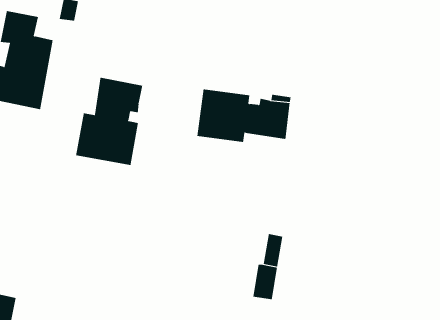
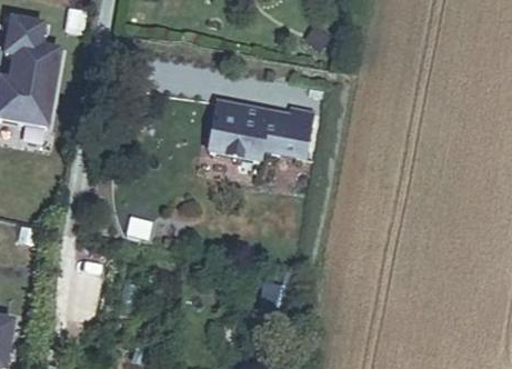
building: [76,77,143,166] -> none

